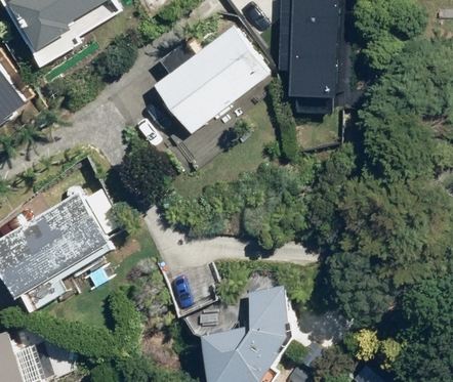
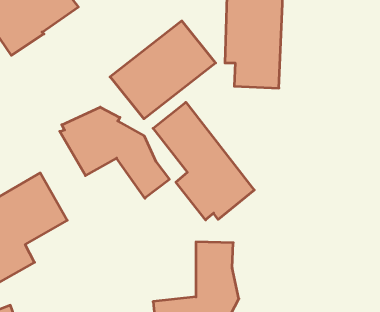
building: none -> [153,102,254,220]
building: none -> [60,107,169,198]

